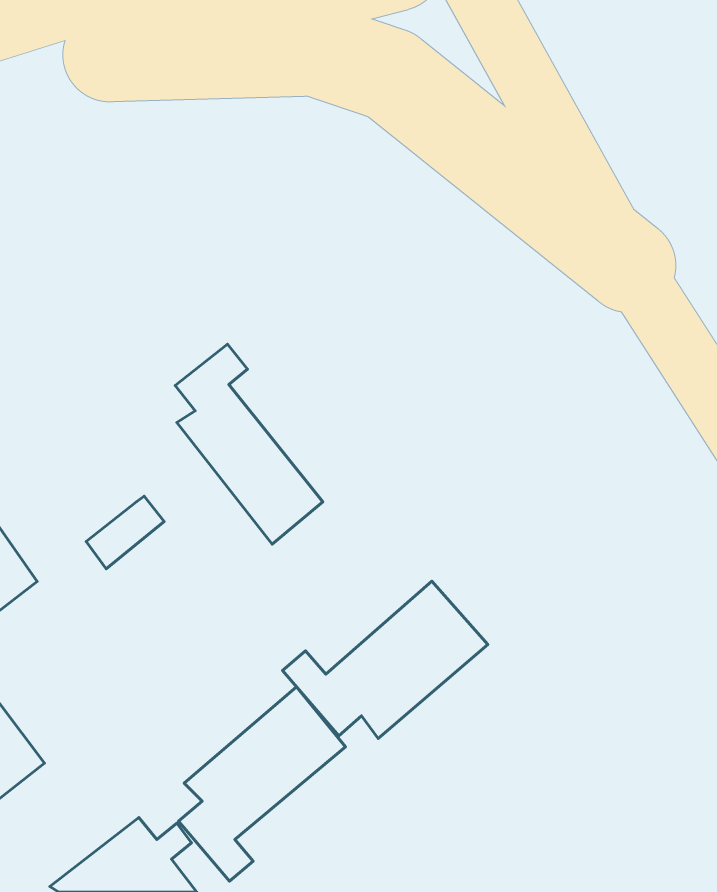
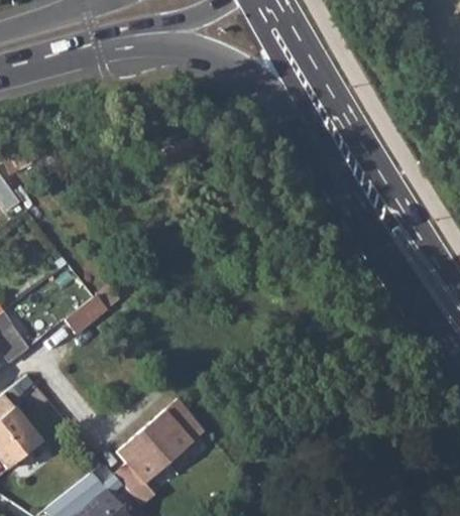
building: [175,344,323,544] -> none
building: [283,581,488,739] -> none

